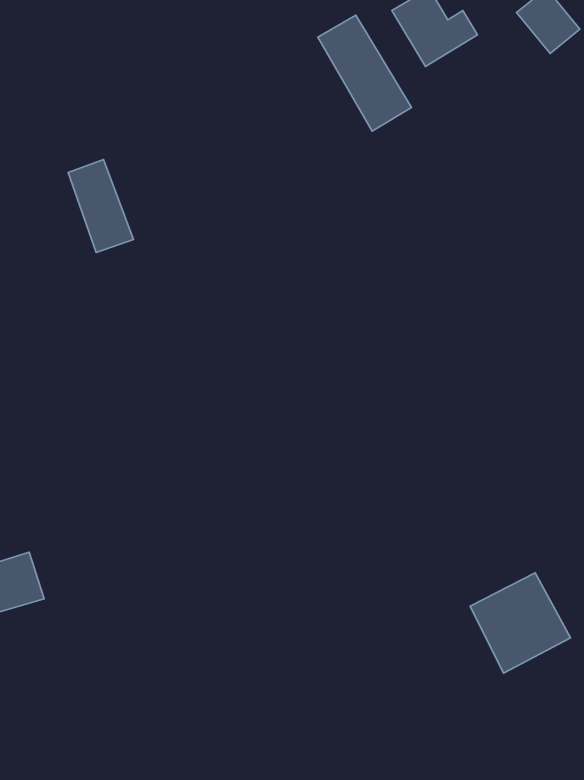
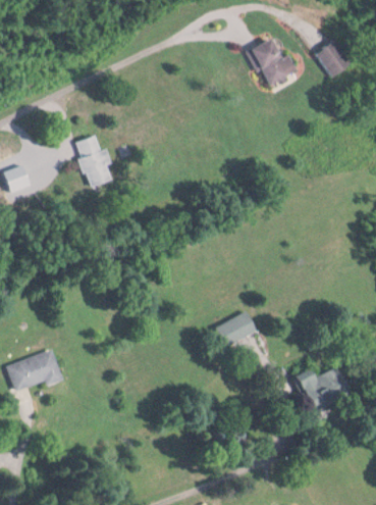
building: [318,15,411,131] -> none
building: none -> [215,312,256,347]

